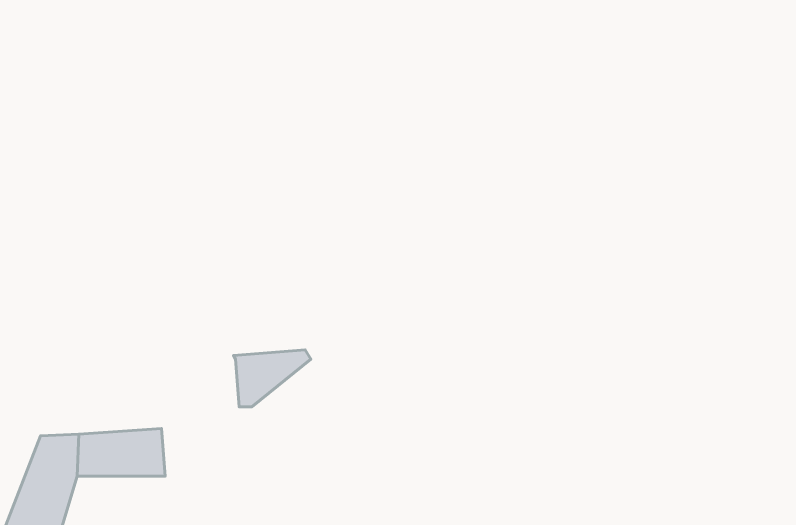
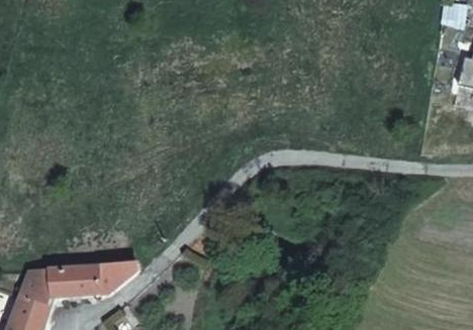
building: [234,350,311,407] -> [96,262,138,294]

